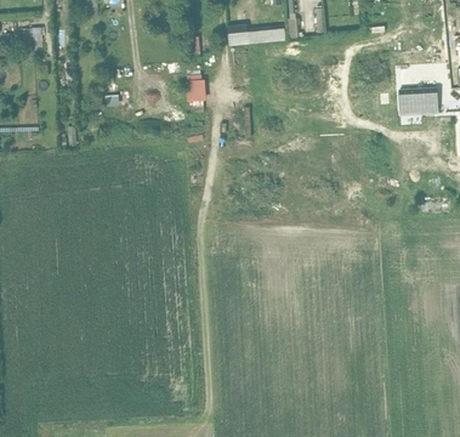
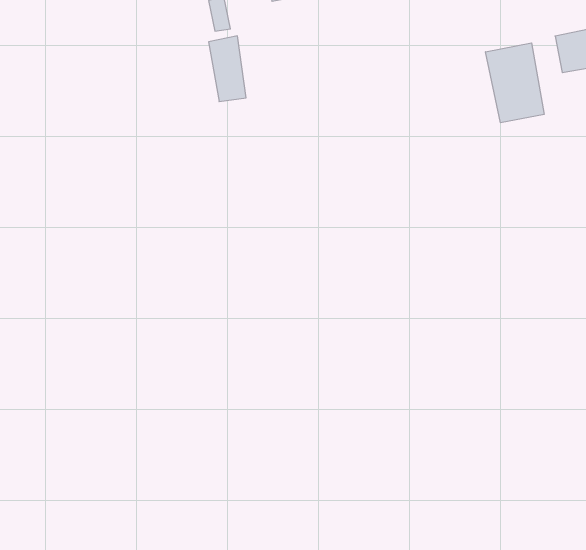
building: none -> [486,43,544,123]

